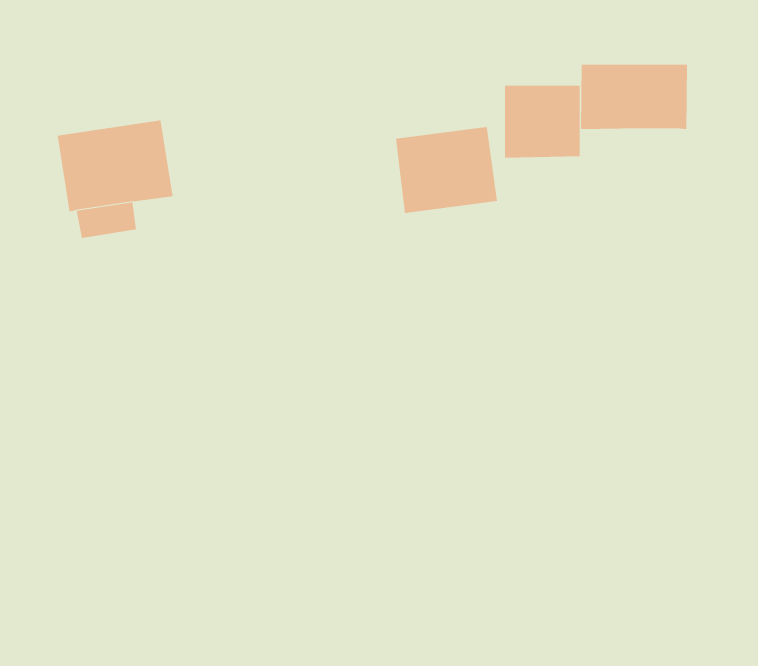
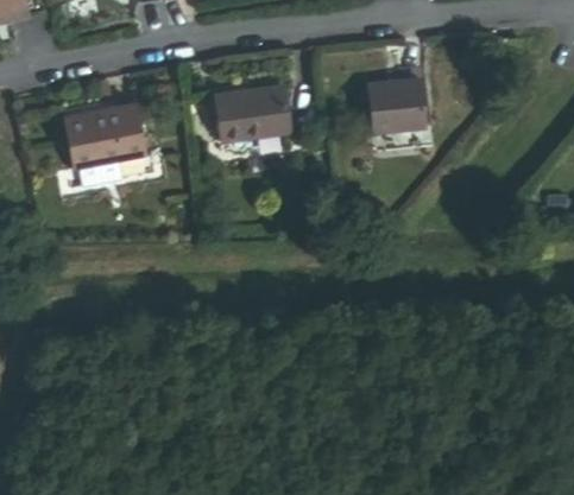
building: [581,64,688,130] -> none
building: [395,126,498,213] -> [220,82,290,141]

